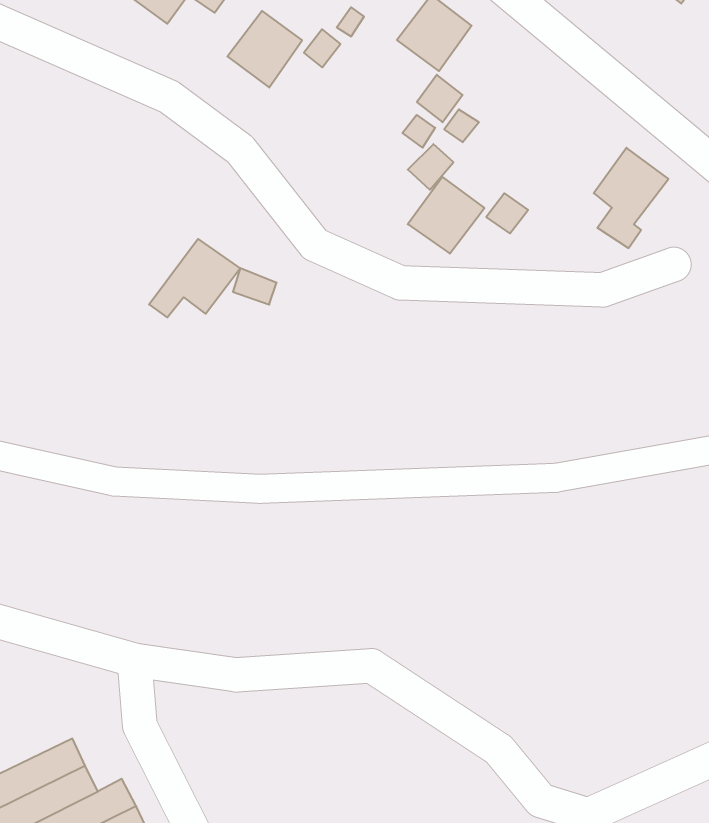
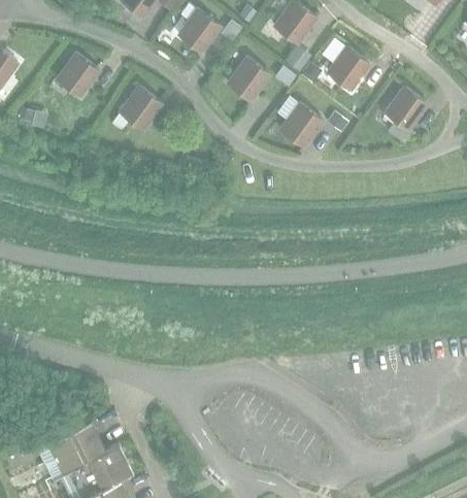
building: none -> [326,46,368,90]
building: none -> [56,53,98,96]
building: none -> [226,57,268,100]
building: [149,239,240,317] -> [109,87,161,131]

